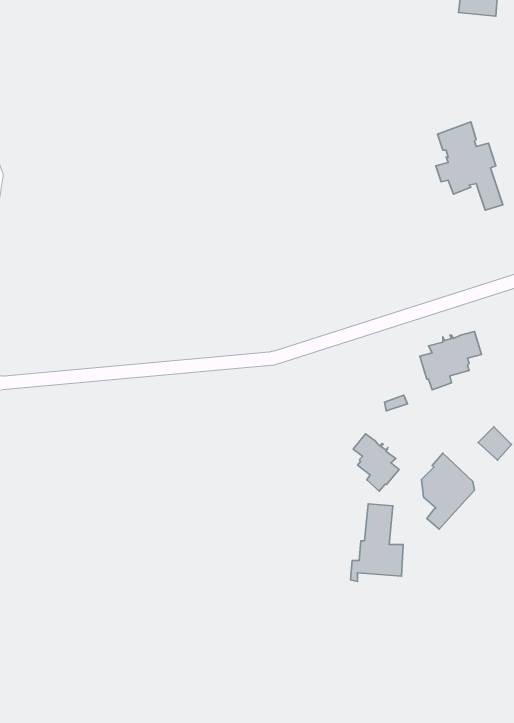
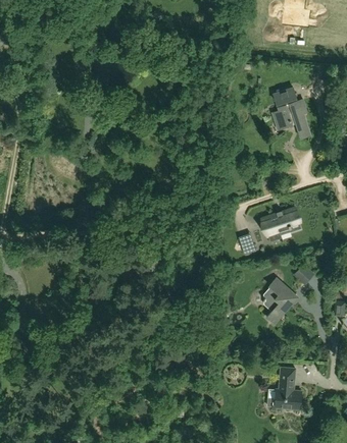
building: [353,434,399,491] -> none
building: [350,504,403,582] -> [269,368,300,412]

